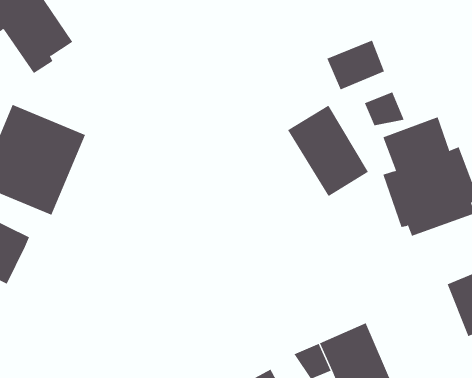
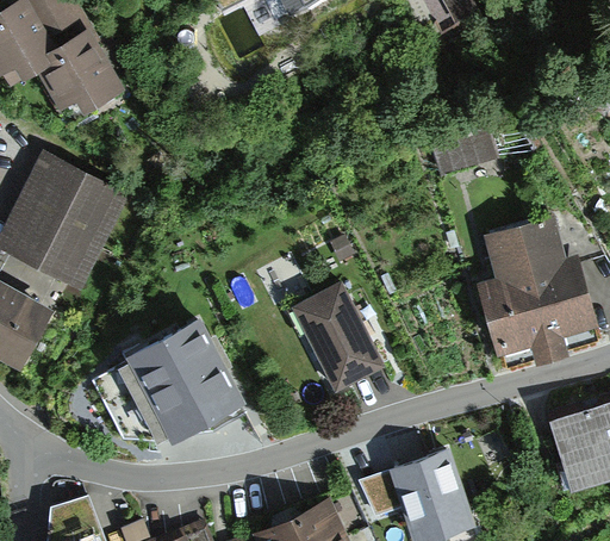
building: [364,91,404,126] -> none
building: [287,105,369,197] -> [290,275,384,386]
building: none -> [92,324,241,448]

